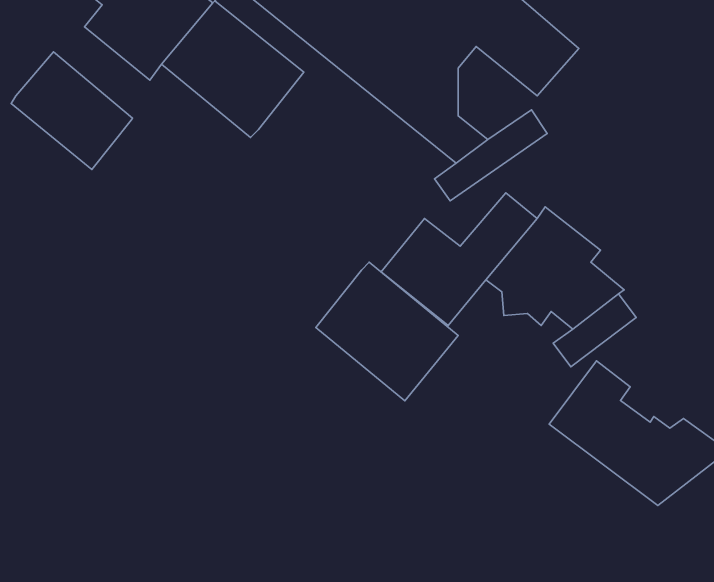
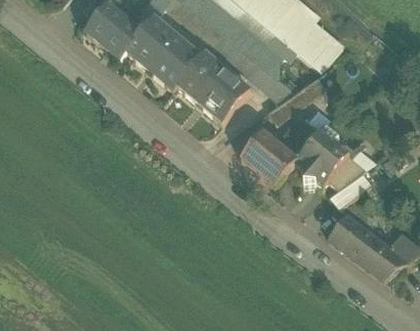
building: [11,52,133,170] -> none
building: [316,262,458,401] -> [176,52,250,124]

